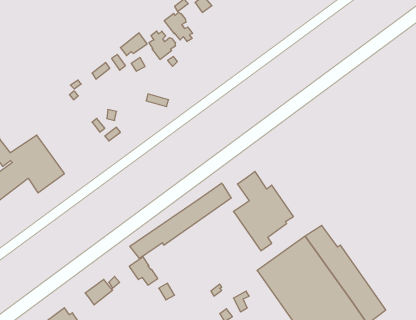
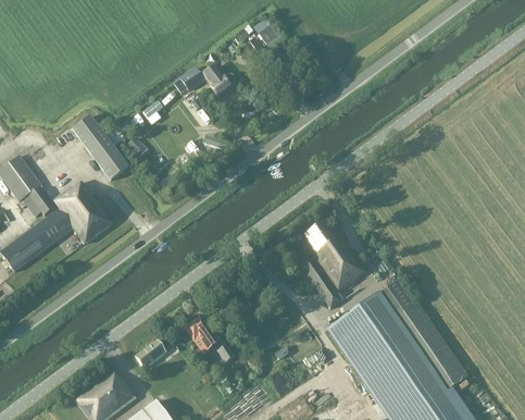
building: [164,12,192,42] -> none
building: none -> [72,114,127,180]
building: [130,183,231,259] -> none

